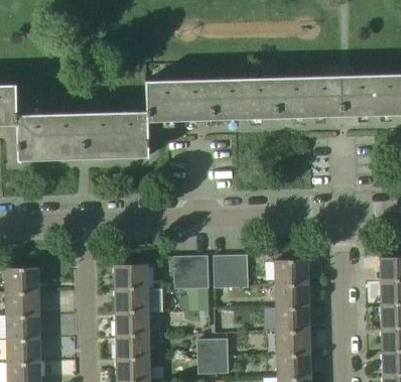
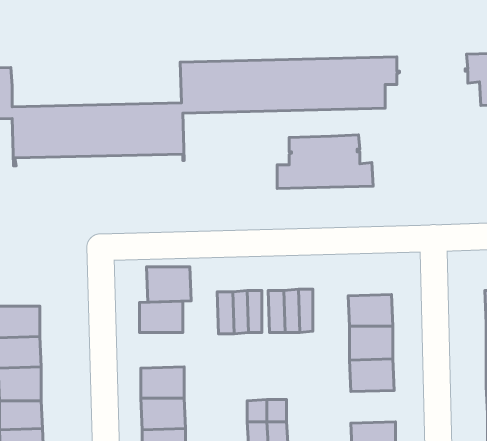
building: [303,75,377,116] -> [277,135,373,189]
building: [115,288,149,315] -> [146,267,191,302]
building: [277,333,311,358] -> none

